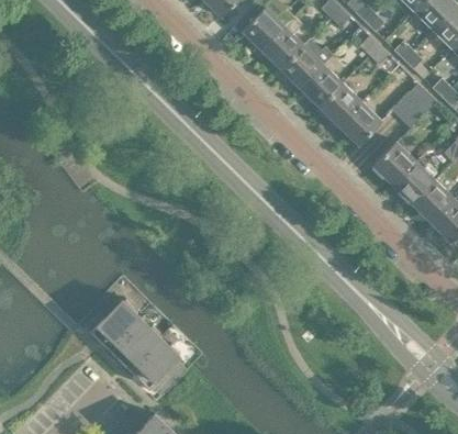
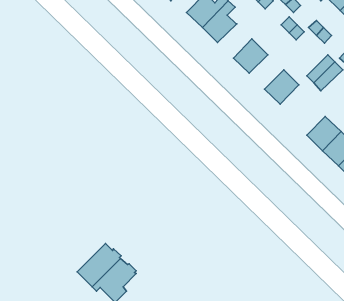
building: [280,42,333,88] -> none
building: [316,84,362,126] -> none
building: [372,142,414,183] -> none
building: [85,299,141,354] -> none

